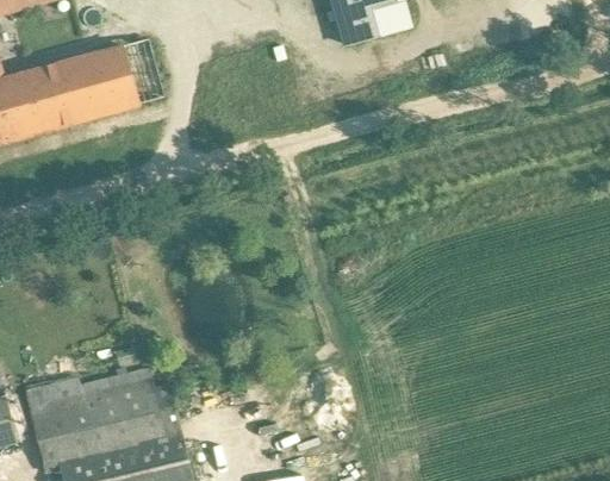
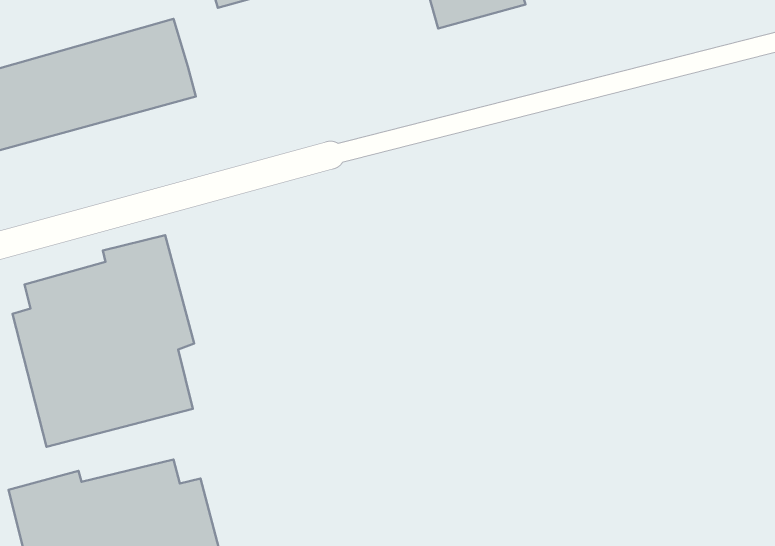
building: none -> [13,235,194,447]

